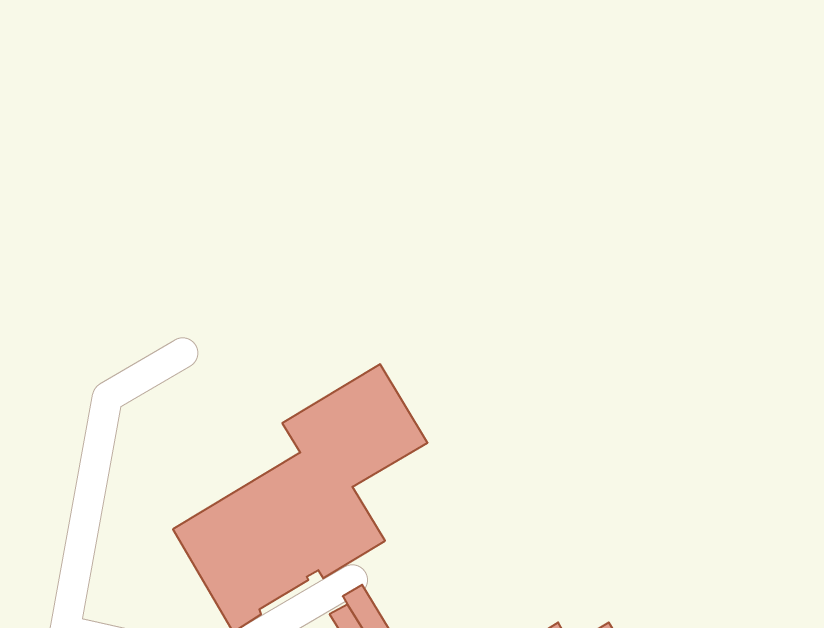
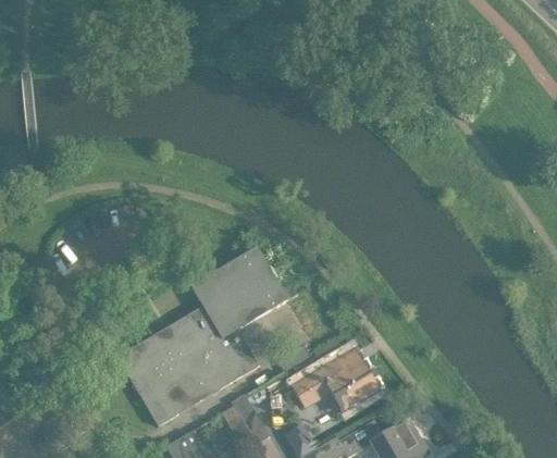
building: none -> [293,349,379,411]

